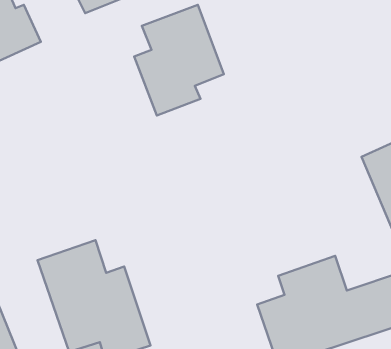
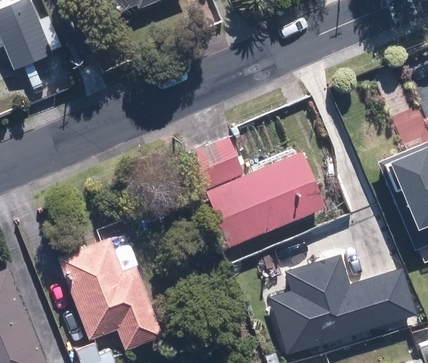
building: [134,5,224,116] -> none
building: none -> [190,136,332,249]

